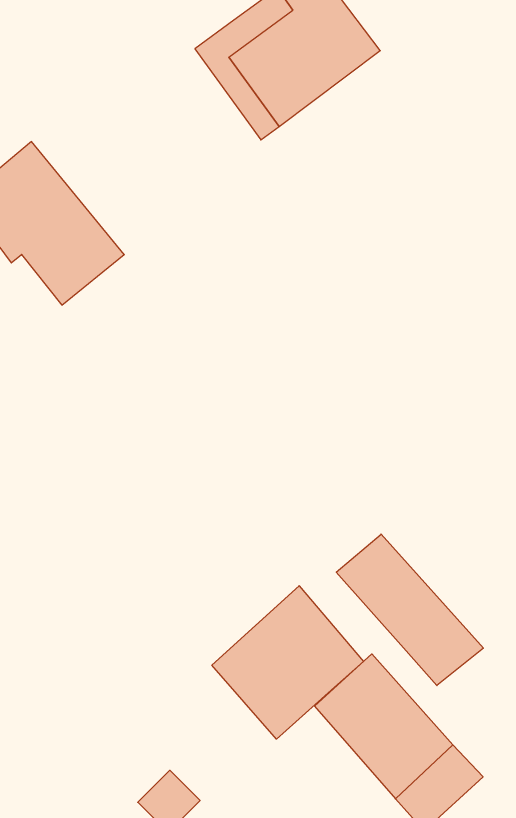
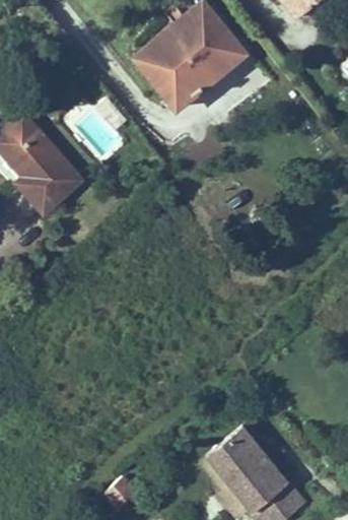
building: [336,534,483,686] -> none
building: [212,586,364,739] -> none

